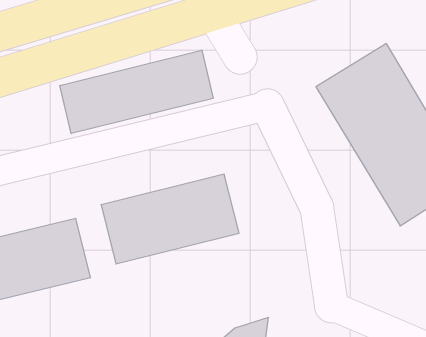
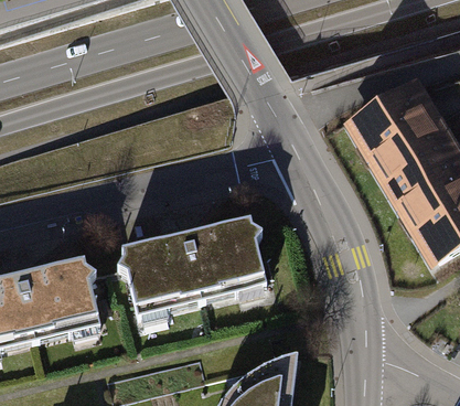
building: [60,50,213,134] -> none

